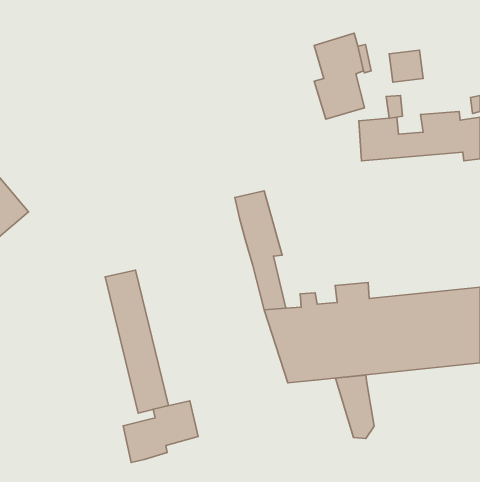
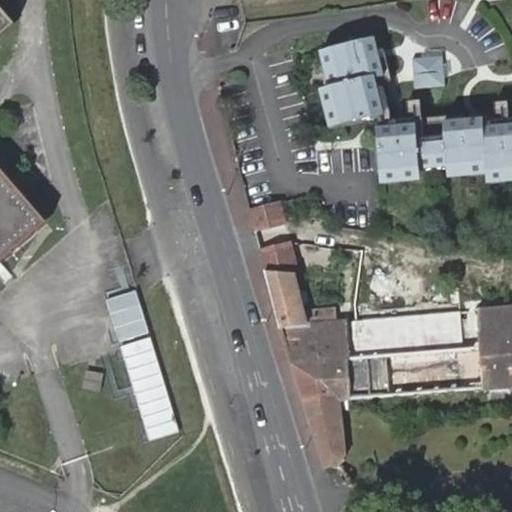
building: [335,375,374,439] -> [304,402,345,469]
building: [123,401,198,462] -> none

